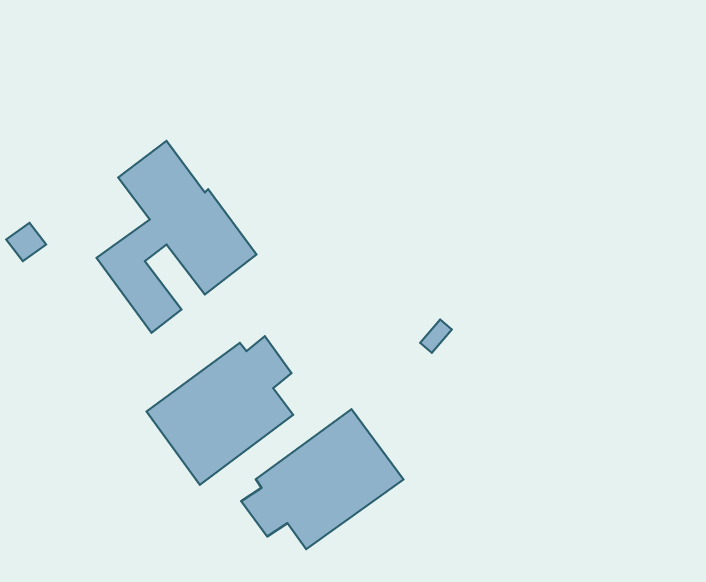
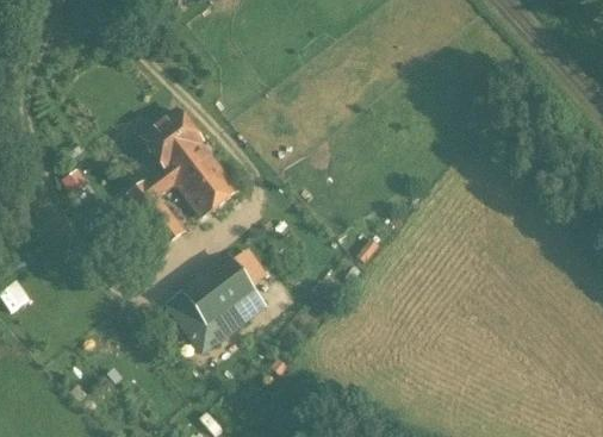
building: [241,409,403,549] -> none

